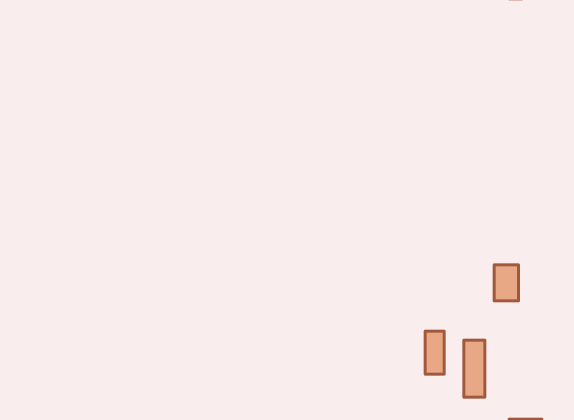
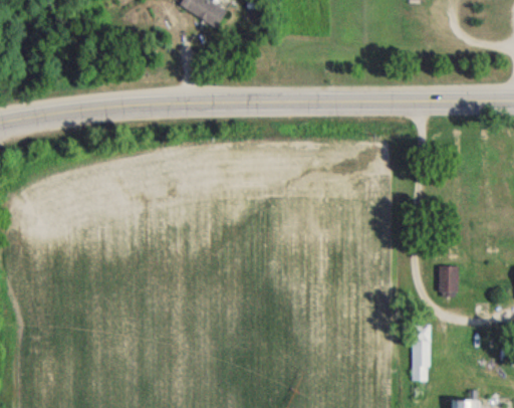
building: [425,331,444,374] -> none

